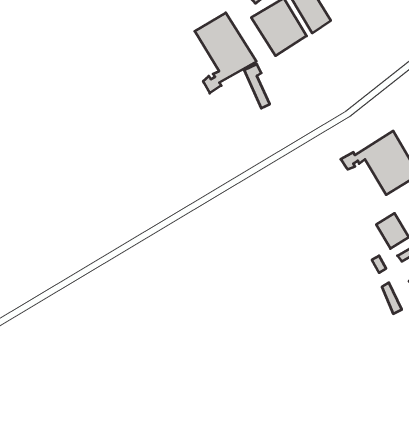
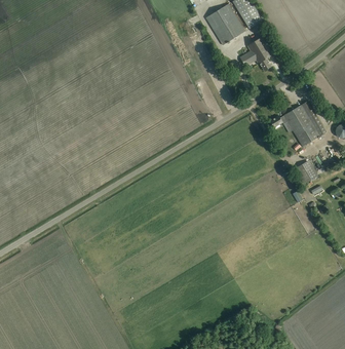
building: [195,13,256,93] -> none
building: none -> [239,36,272,70]

